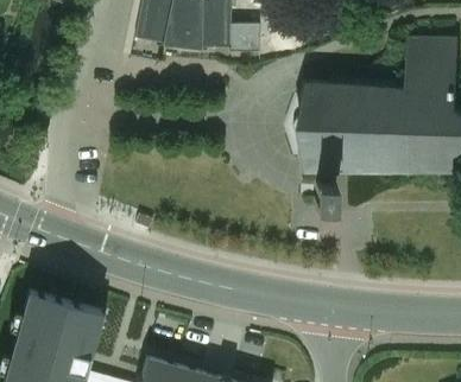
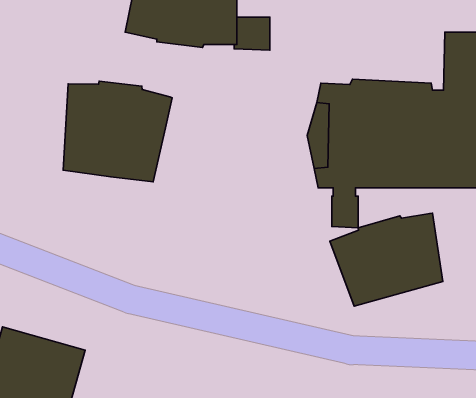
building: none -> [63,81,172,182]
building: none -> [330,213,443,306]

